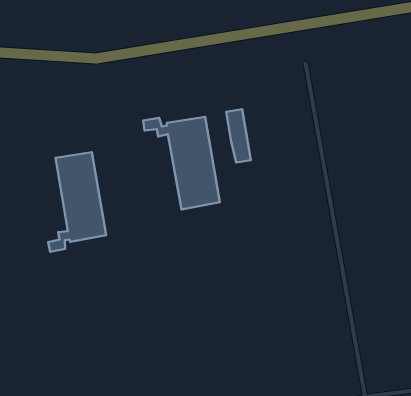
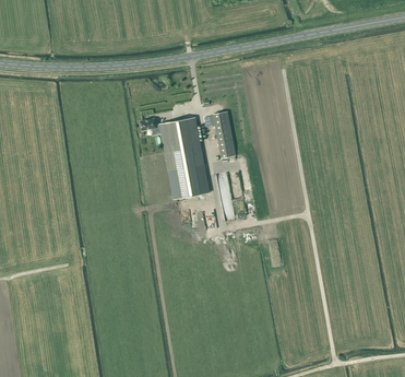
building: [48,152,106,252] -> none

